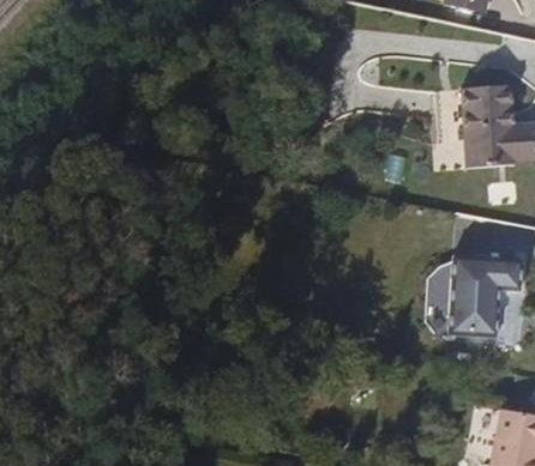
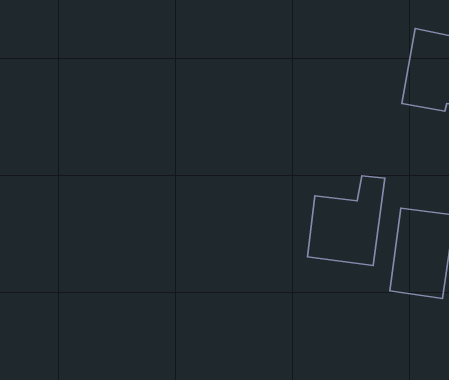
building: none -> [307,176,385,266]

